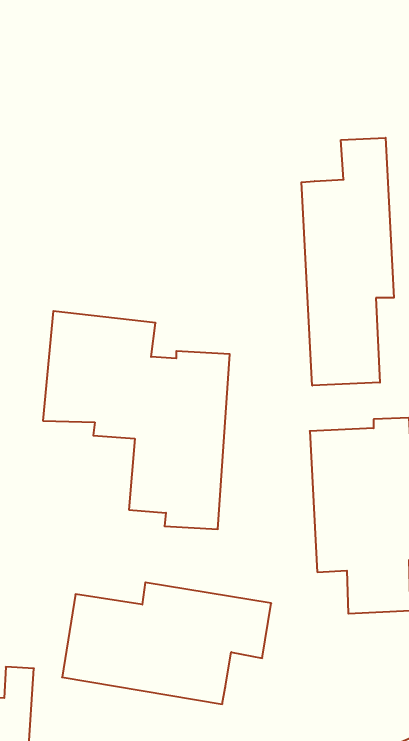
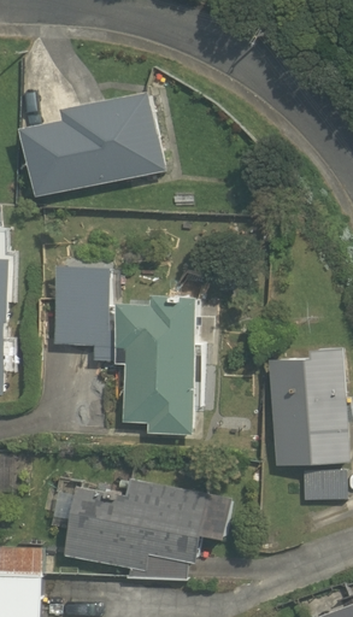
building: none -> [22,89,169,199]
building: [301,138,394,386] -> none

